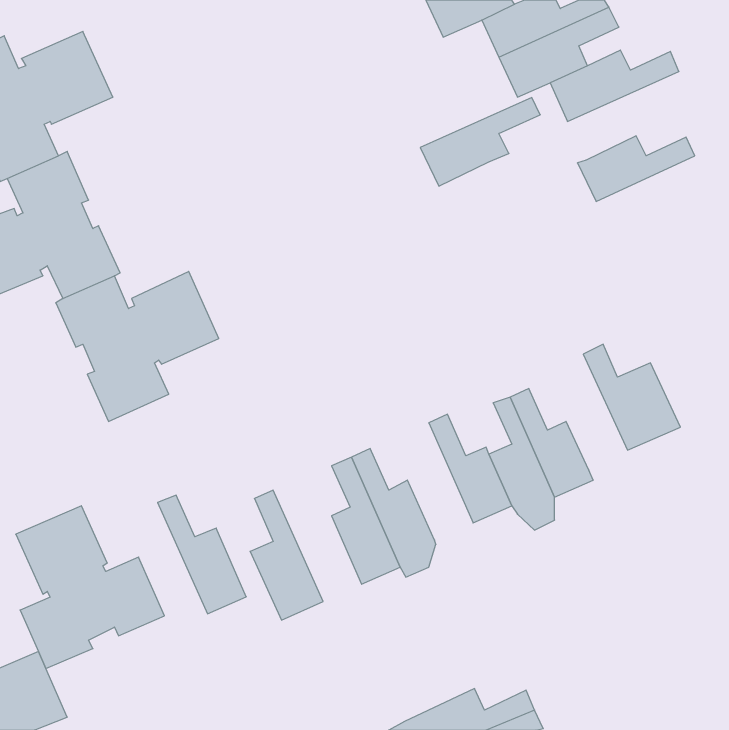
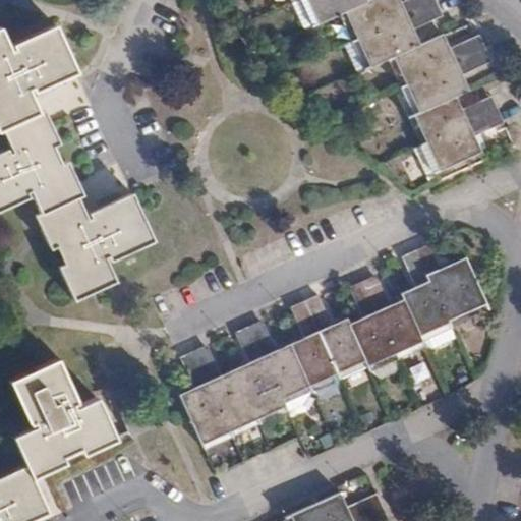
building: [420,98,540,186] -> [404,51,489,114]
building: none -> [416,111,501,174]
building: none -> [401,252,447,335]
building: none -> [290,301,337,385]
building: [158,495,246,614] -> [194,344,257,428]

